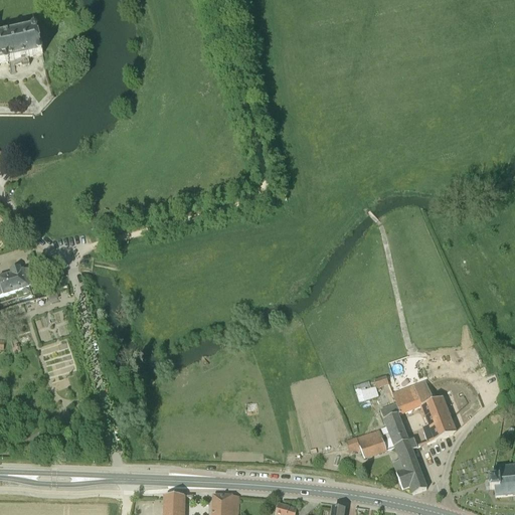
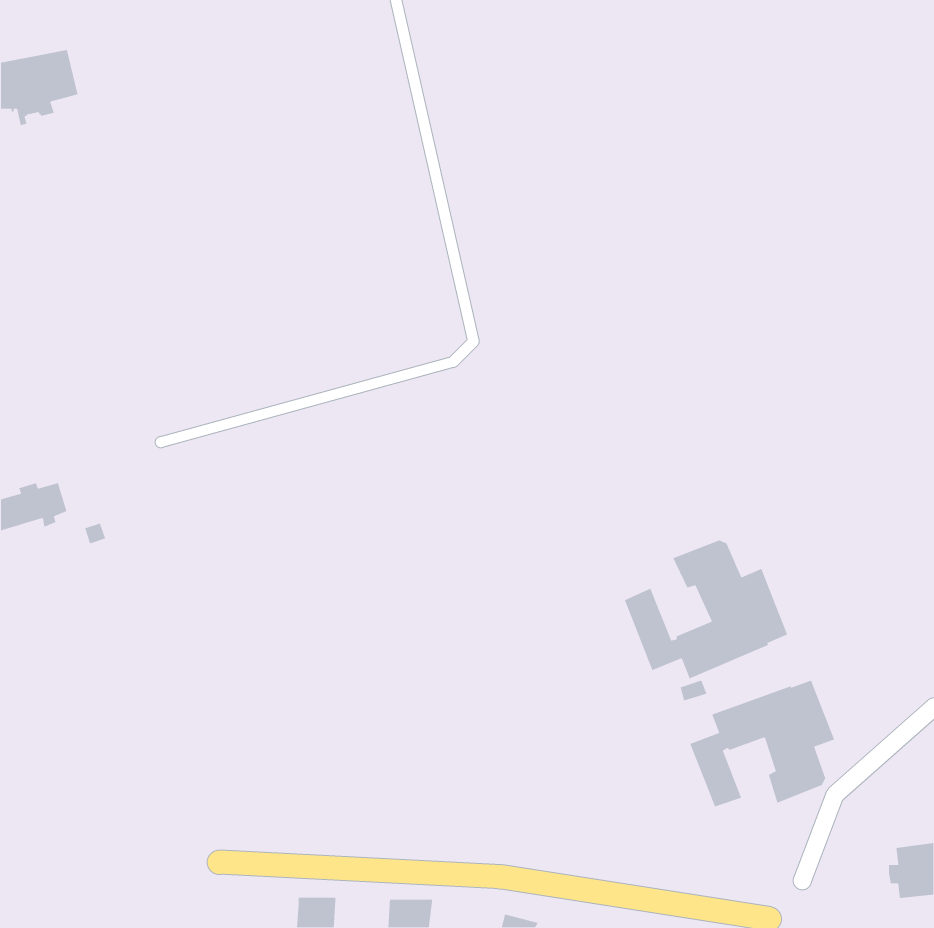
building: none -> [624,540,788,679]
building: [345,430,383,457] -> none
building: [393,438,426,493] -> none

